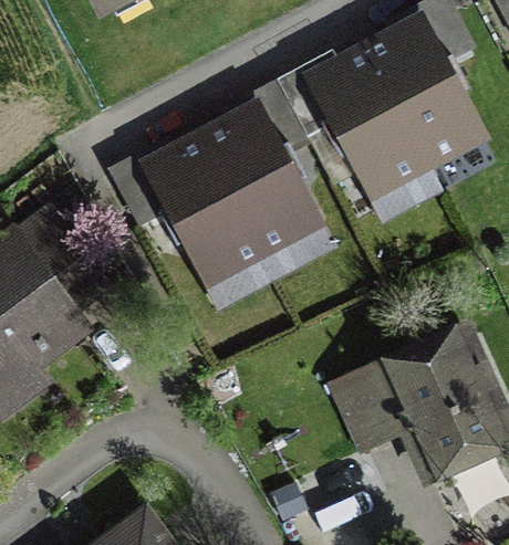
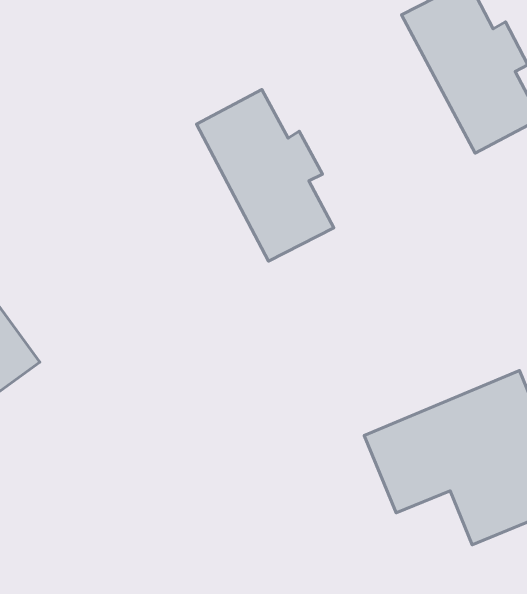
building: [314,51,428,191] -> none
building: [150,138,263,277] -> none

